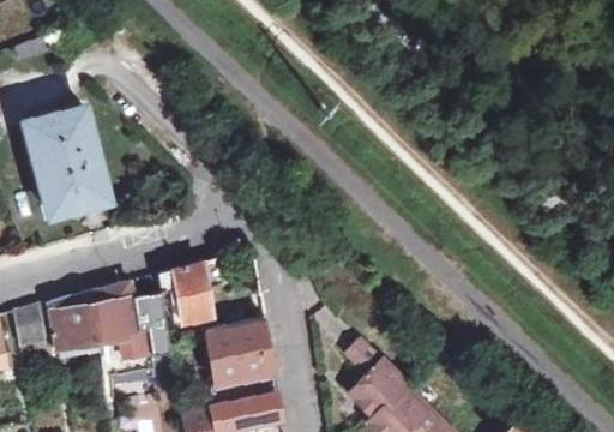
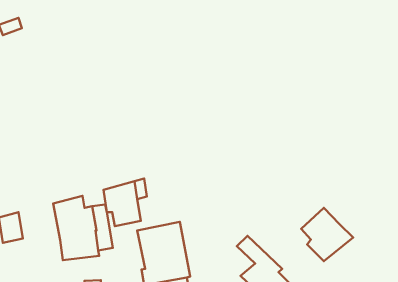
building: [25,107,107,216] -> none
building: [49,294,100,353] -> none
building: none -> [301,208,353,261]

